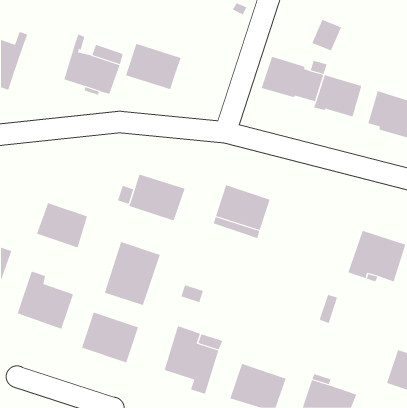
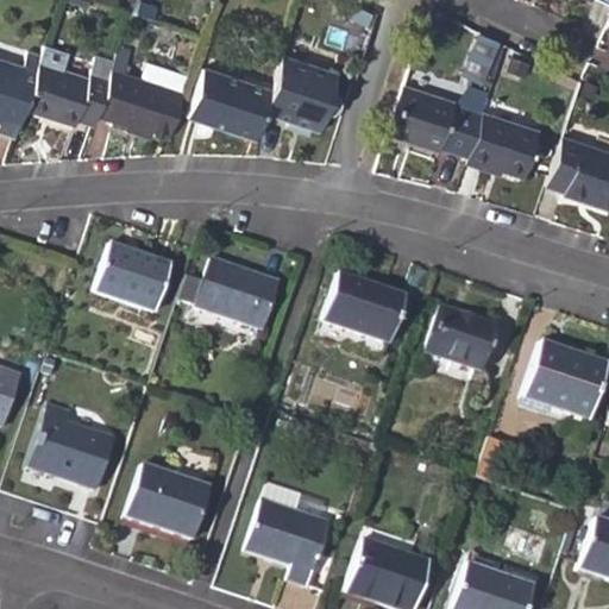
building: none -> [265,50,344,128]
building: none -> [25,59,115,127]
building: [36,202,88,248] -> [95,243,171,310]
building: none -> [426,307,496,370]
building: [104,241,161,306] -> none

